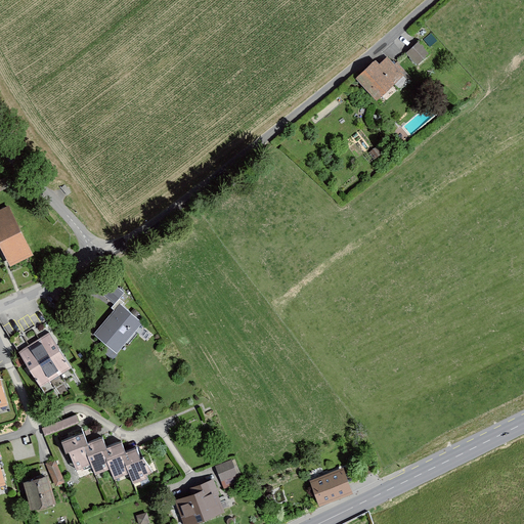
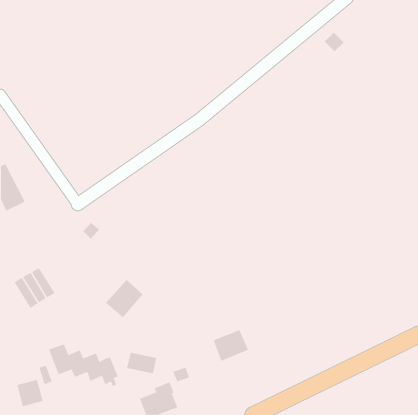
building: [354,55,404,100] -> none
building: [93,303,141,352] -> [105,279,144,318]
building: none -> [127,352,157,374]
building: [307,467,352,507] -> [213,330,249,361]

